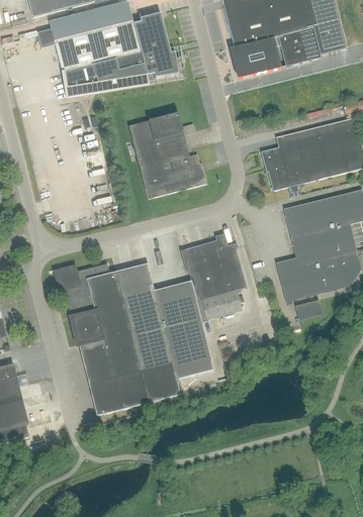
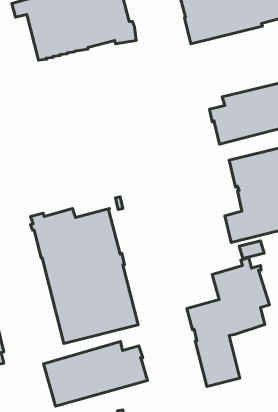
building: [128,112,206,198] -> none
building: [154,232,247,378] -> [187,258,269,386]
building: none -> [44,342,148,406]

